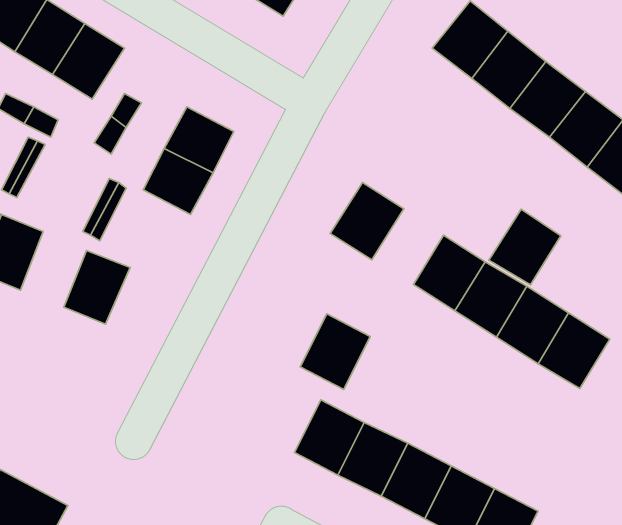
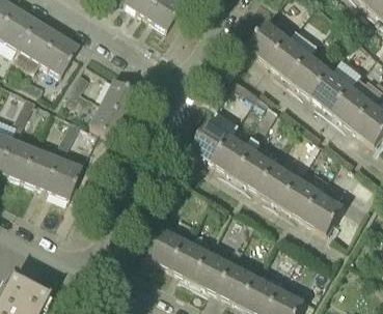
building: [489,209,561,285] -> [214,135,253,176]
building: none -> [21,147,57,189]
building: [300,314,370,390] -> [147,227,186,268]

